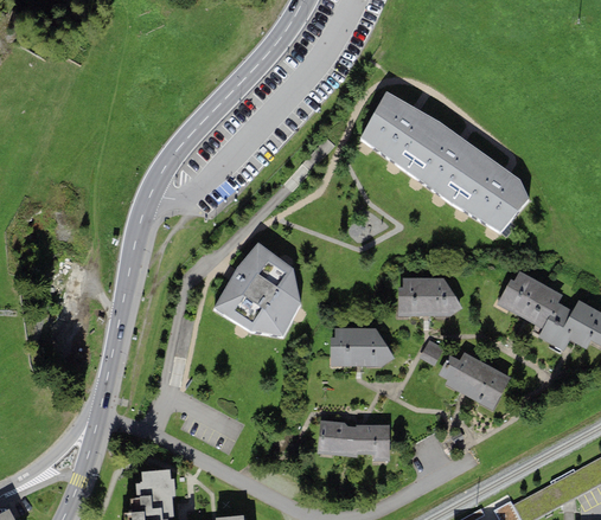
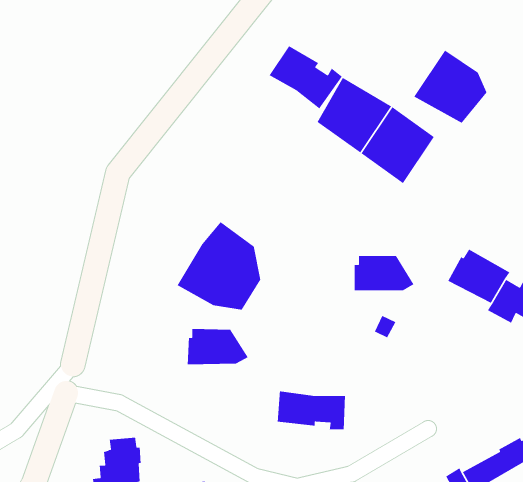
building: none -> [268,45,343,110]
building: [450,153,529,231] -> [413,50,488,124]
building: [330,327,395,366] -> [187,328,249,365]
building: [437,352,511,410] -> none

